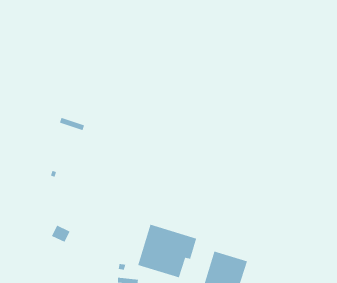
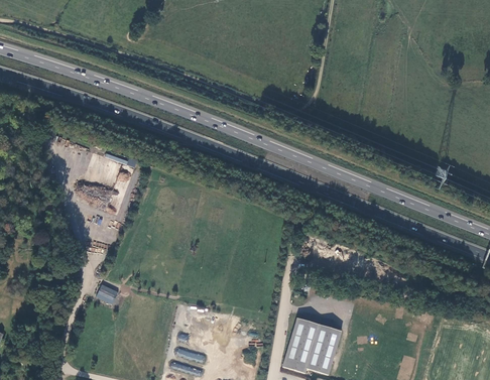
building: [137,224,197,278] -> none

